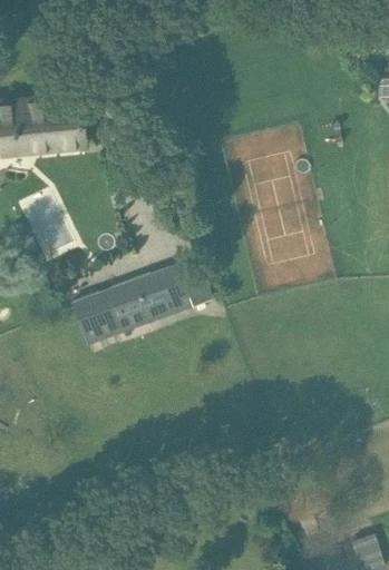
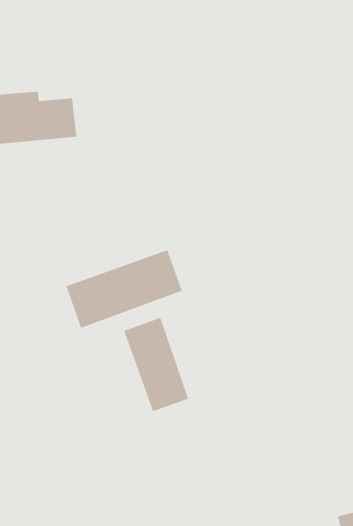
building: none -> [123,317,189,412]

